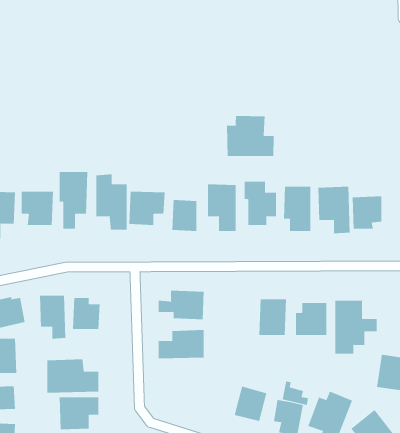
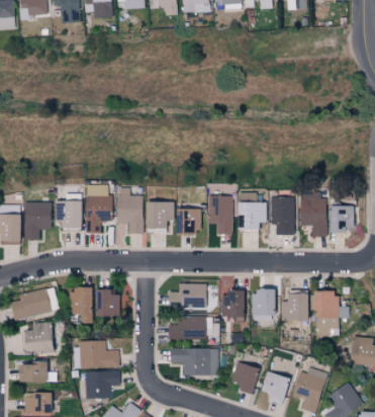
building: [227,115,274,157] -> none
building: none -> [220,293,243,320]
building: none -> [169,348,218,376]

